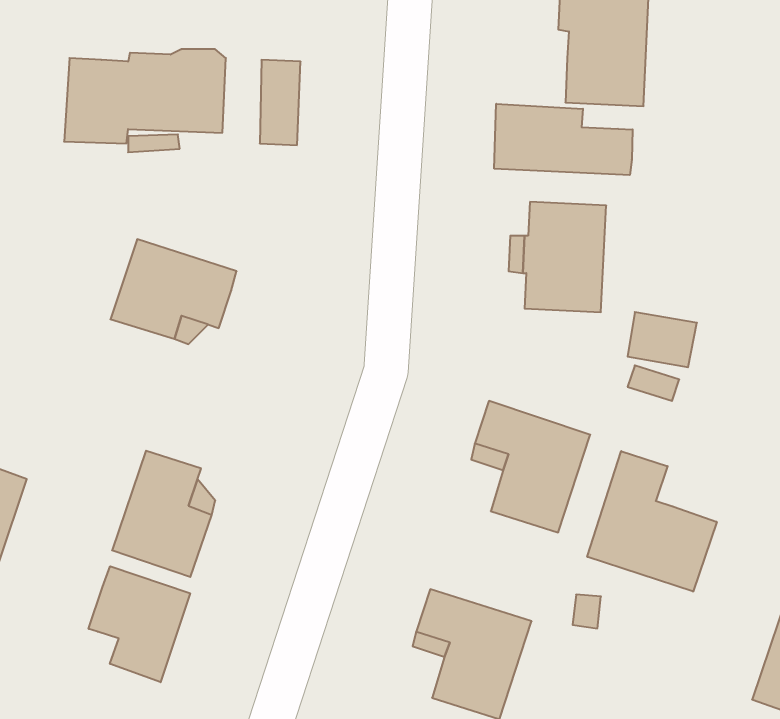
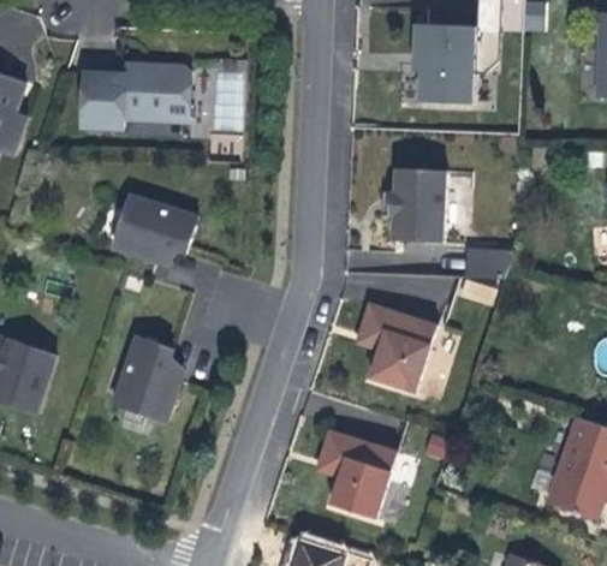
building: [494,104,633,175] -> none
building: none -> [409,272,447,320]
building: [587,451,717,592] -> none
building: [89,566,190,682] -> none

